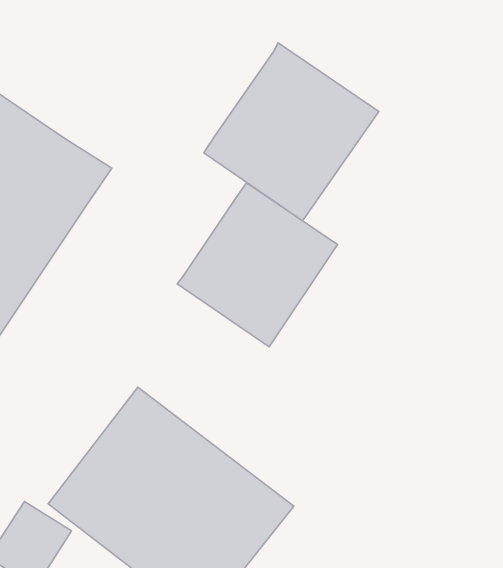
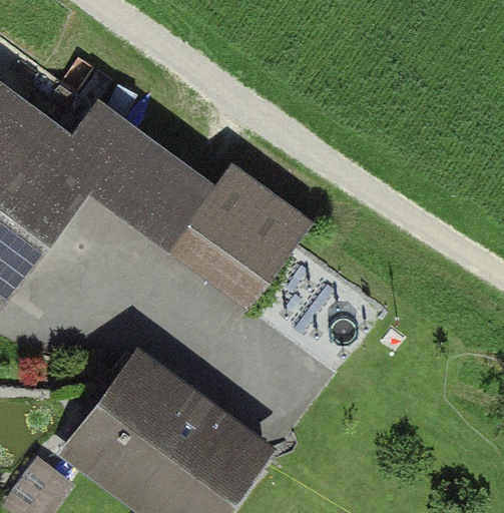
building: [204,43,379,221] -> none
building: none -> [70,90,221,251]

